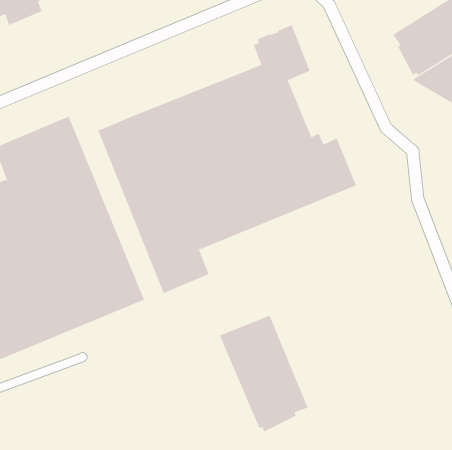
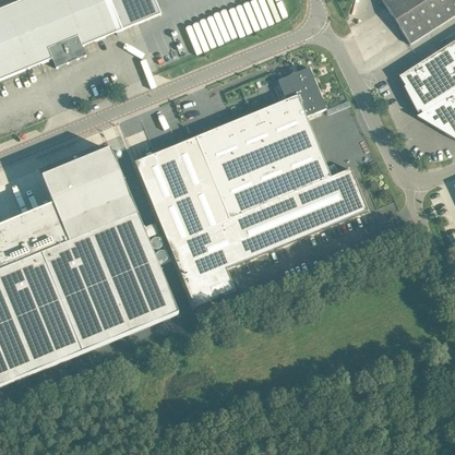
building: [219,315,309,432] -> none

